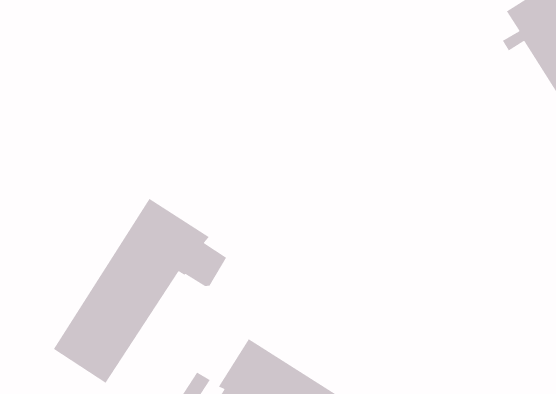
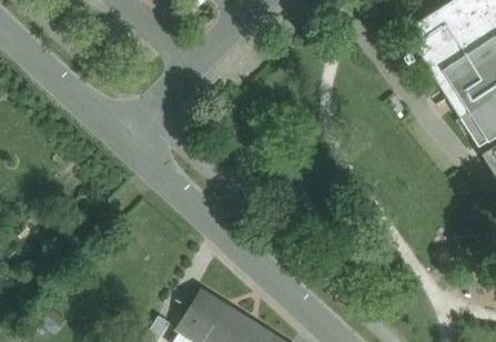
building: [53,198,227,384] -> none

